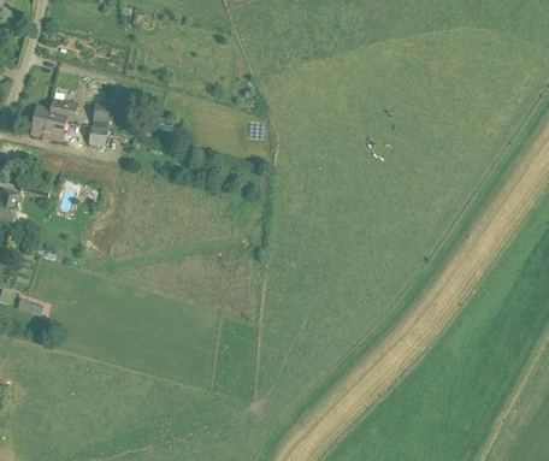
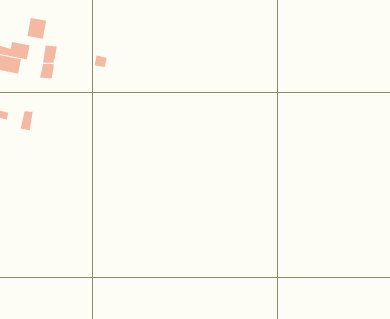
building: none -> [27,17,47,40]

